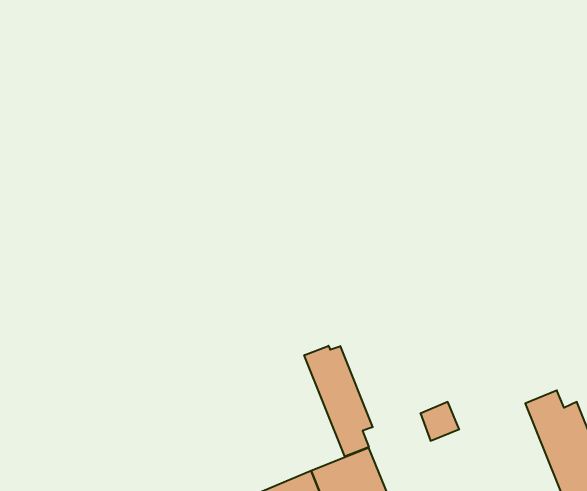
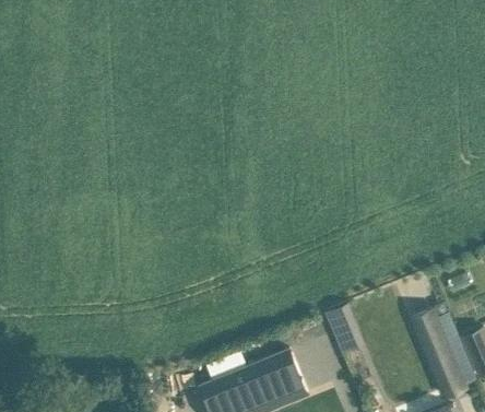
building: [304,346,373,456] -> none

